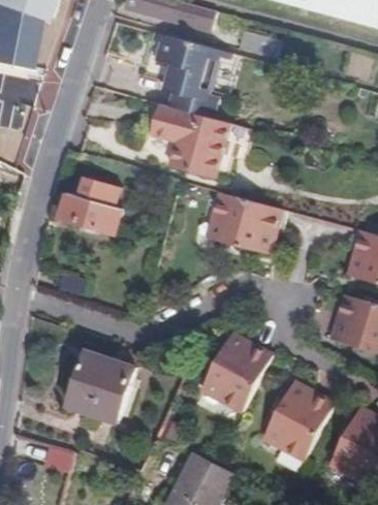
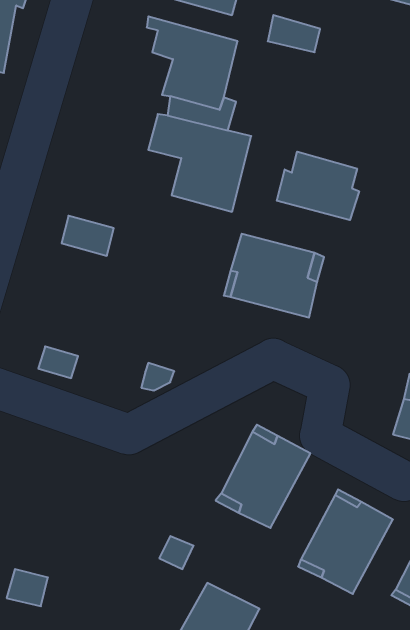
building: none -> [277,152,359,220]
building: [63,194,125,234] -> none
building: [65,351,133,423] -> none

